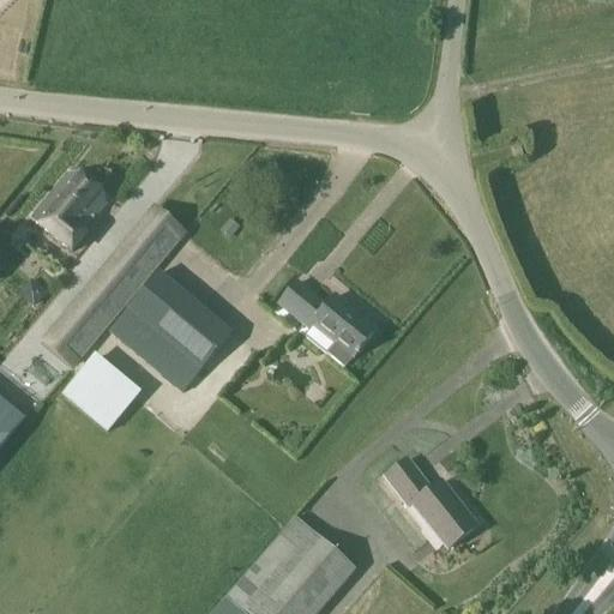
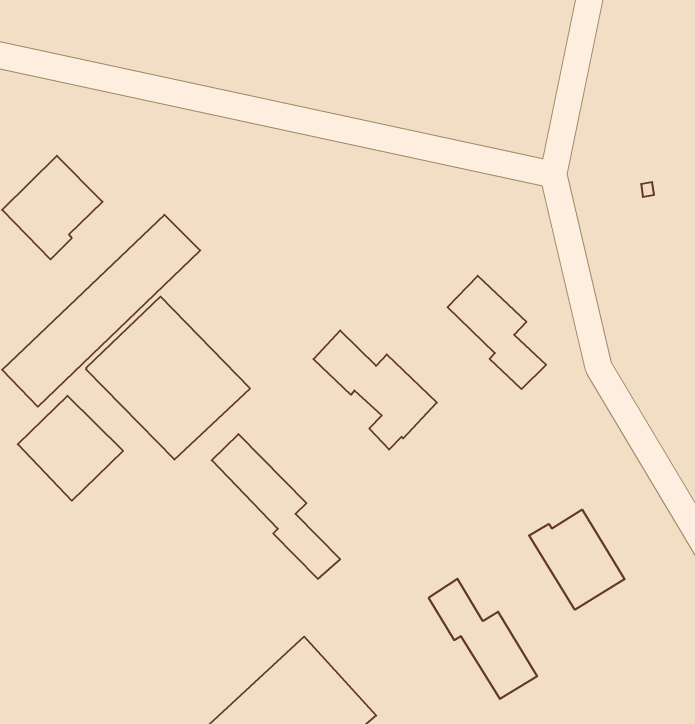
building: none -> [448,276,546,389]
building: none -> [212,434,340,579]
building: none -> [529,510,625,610]

